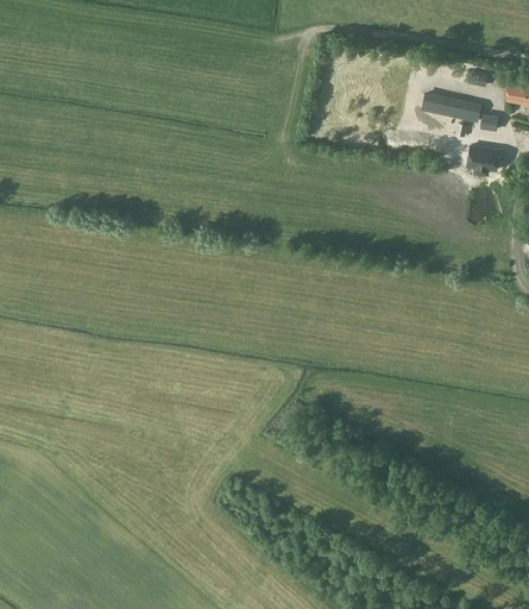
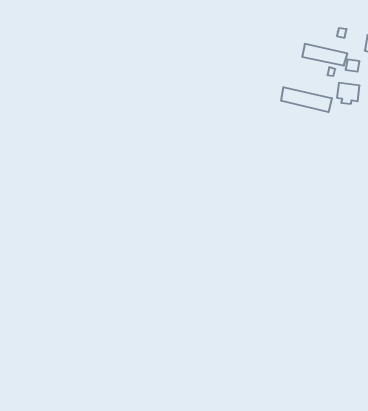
building: none -> [281,87,332,112]

